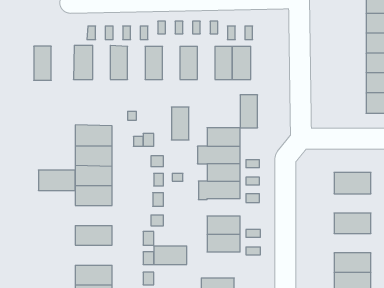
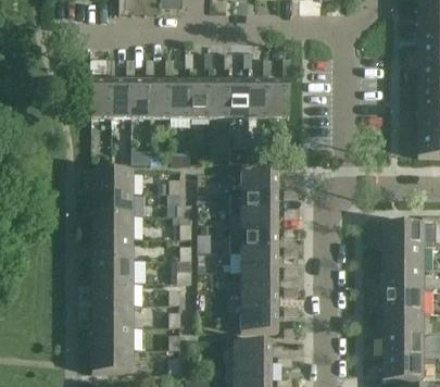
building: [34,46,51,80] -> [112,79,131,117]
building: none -> [151,80,171,117]
building: [240,95,258,128] -> [229,80,249,117]
building: [171,107,189,140] -> [190,80,210,117]
building: [38,170,75,190] -> [92,259,134,282]
building: none -> [382,246,424,267]
building: none -> [240,251,277,271]
building: none -> [382,290,424,312]
building: none -> [92,303,134,326]
building: [154,246,187,264] -> [240,311,277,332]

